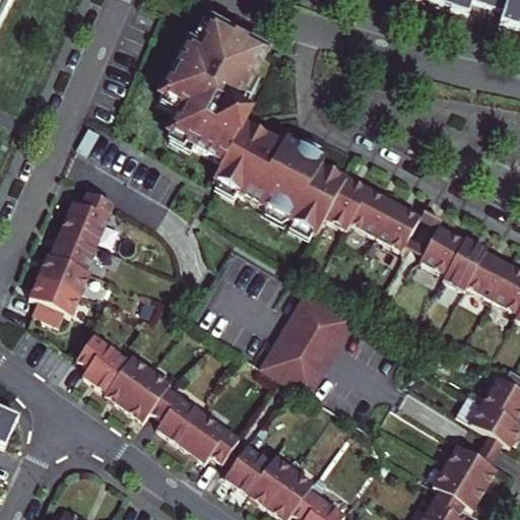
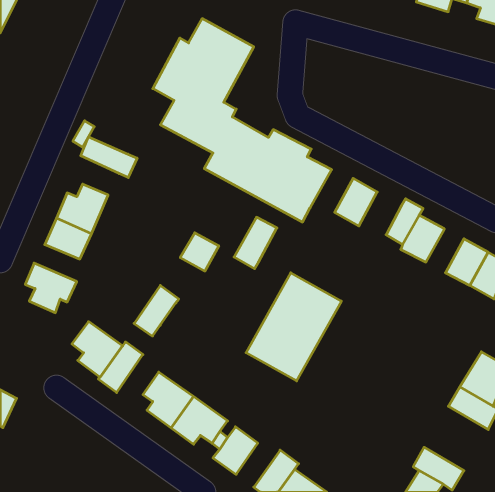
building: none -> [81,137,137,178]
building: [326,175,371,229] -> [234,217,277,269]
building: [377,200,421,250] -> none
building: [444,236,488,288] -> none
building: none -> [180,233,219,271]
building: [38,254,90,294] -> none
building: [124,370,171,422] -> [134,285,179,336]
building: [445,446,499,491] -> none
building: [249,456,295,508] -> none

